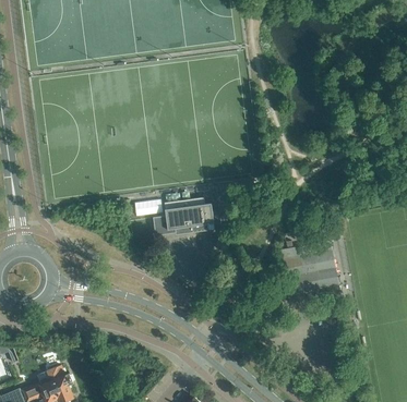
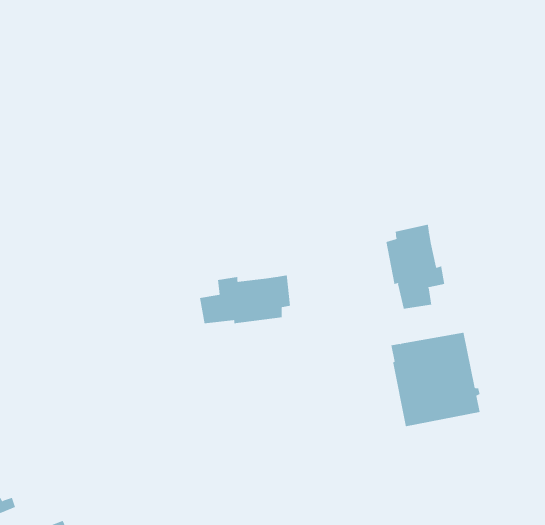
building: none -> [386,224,445,309]

